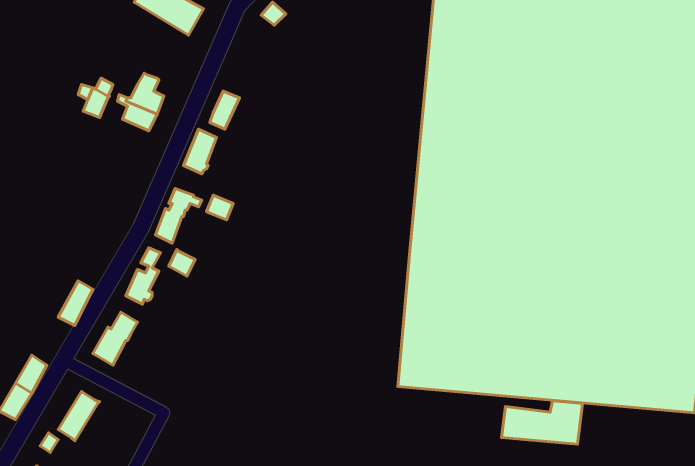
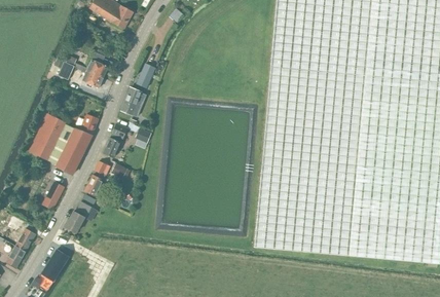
building: none -> [29,112,98,174]
building: [502,401,582,444] -> none

